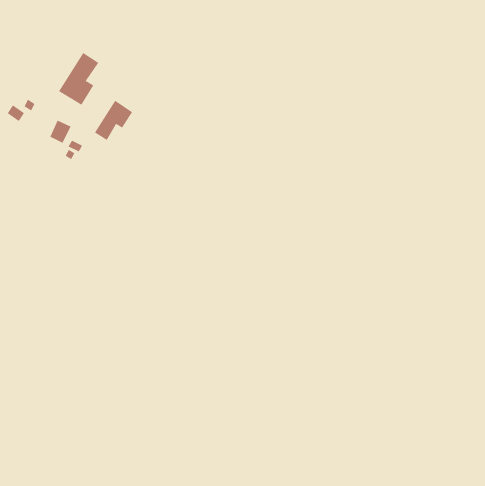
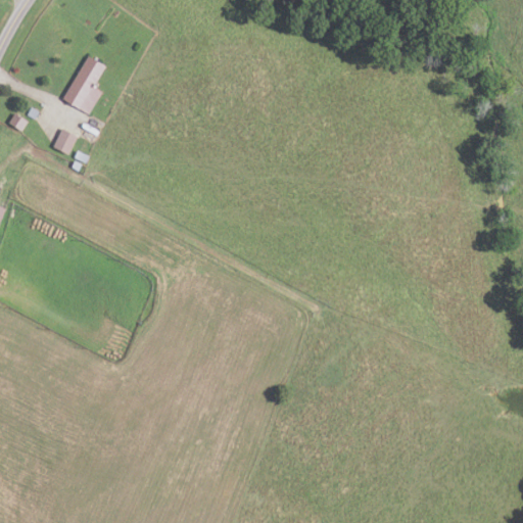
building: [94,100,133,141] -> none

